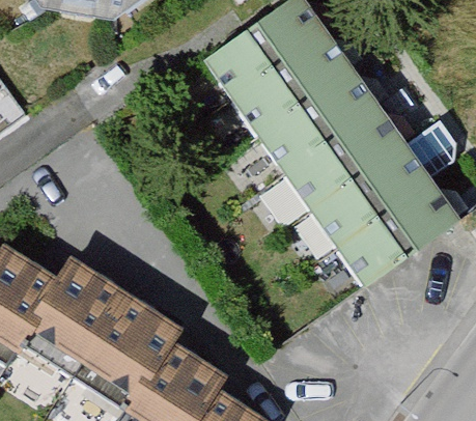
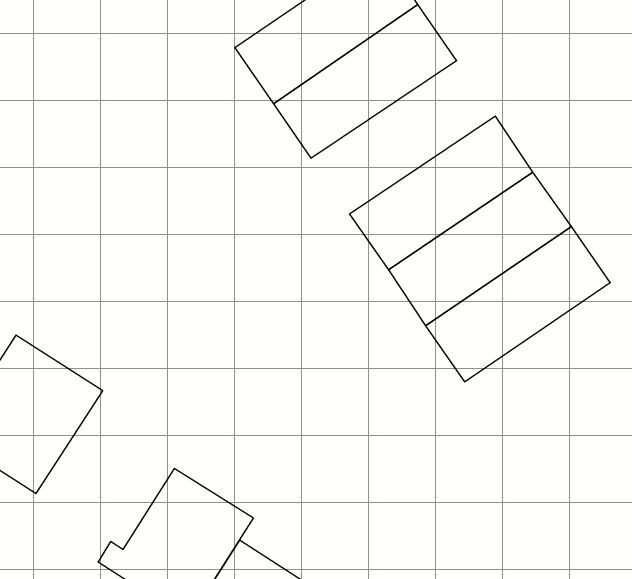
building: [256,68,380,171] -> none
building: [73,289,174,395] -> none

